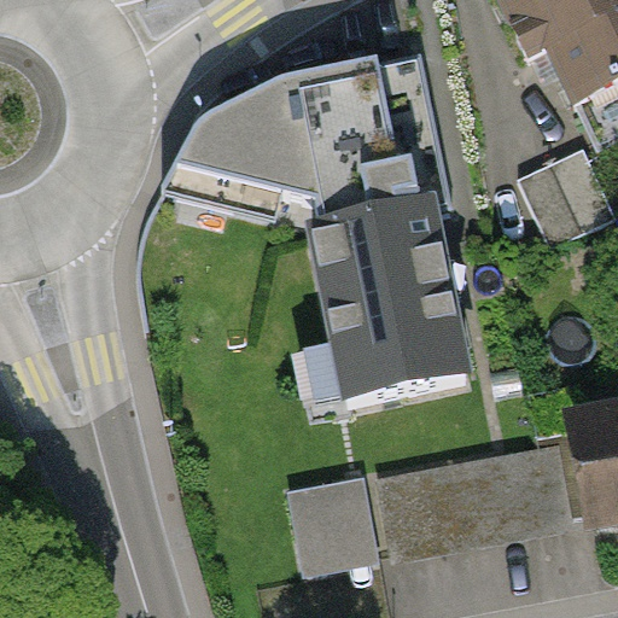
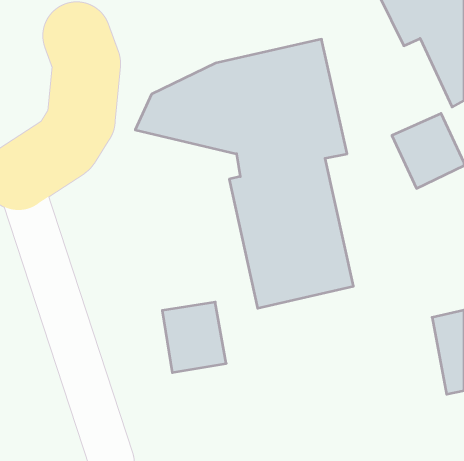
building: [373,444,560,550] -> none
building: [291,479,375,572] -> [162,302,226,373]

